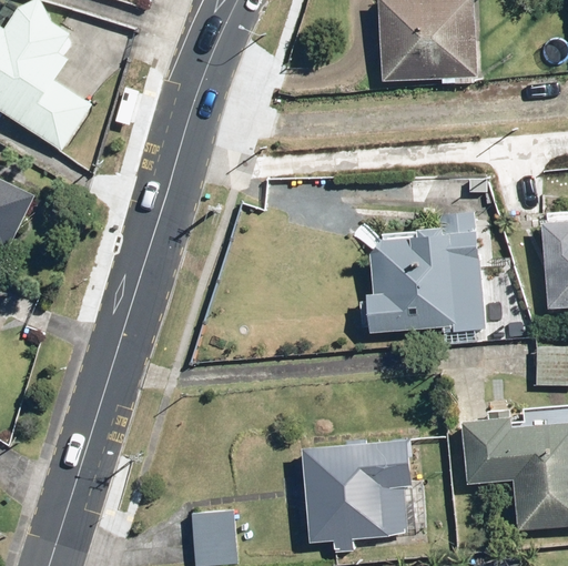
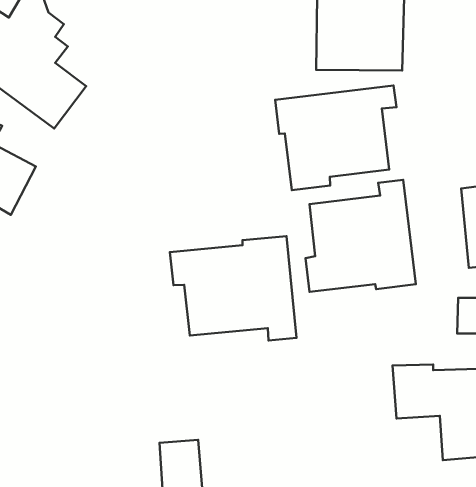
building: none -> [275,85,396,190]
building: none -> [170,236,296,341]
building: [298,439,410,553] -> none

